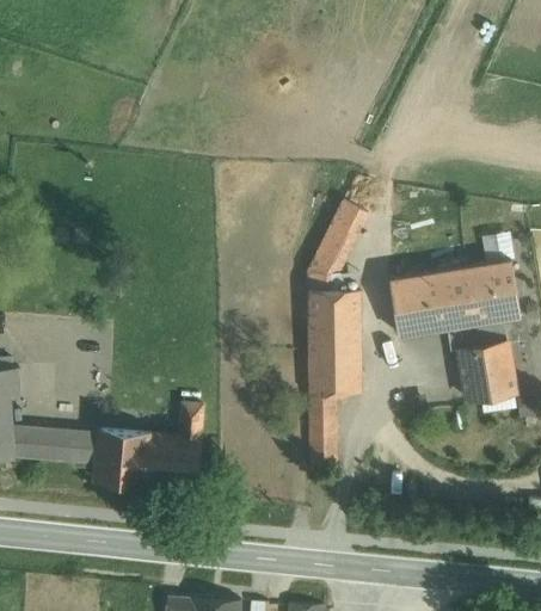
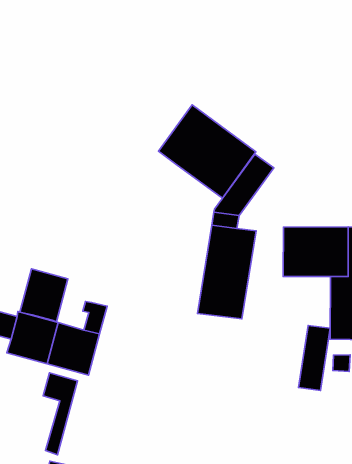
building: none -> [159,105,256,198]
building: none -> [20,269,68,322]
building: [309,395,337,470] -> [298,325,330,390]
building: none -> [43,373,77,455]

